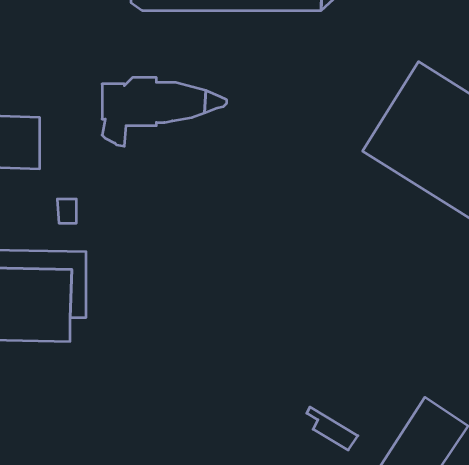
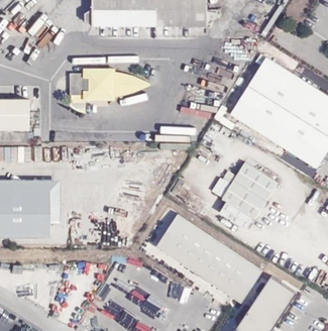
building: none -> [223,164,280,229]
building: none -> [156,212,262,300]

